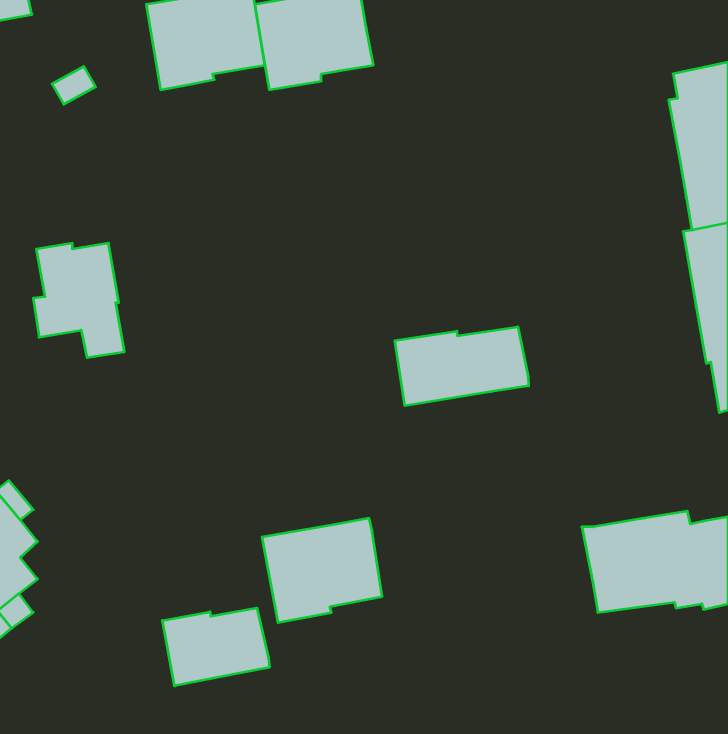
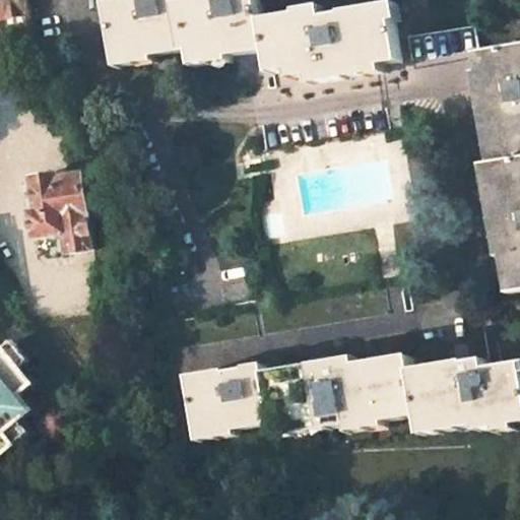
building: none -> [257,4,394,79]
building: [395,327,529,406] -> none
building: none -> [261,355,416,434]
building: [162,608,269,686] -> none

